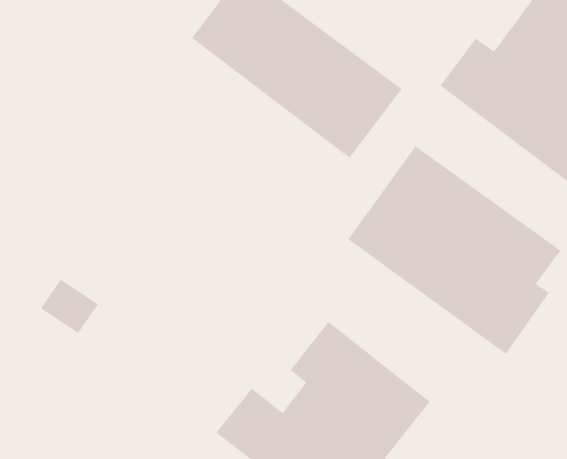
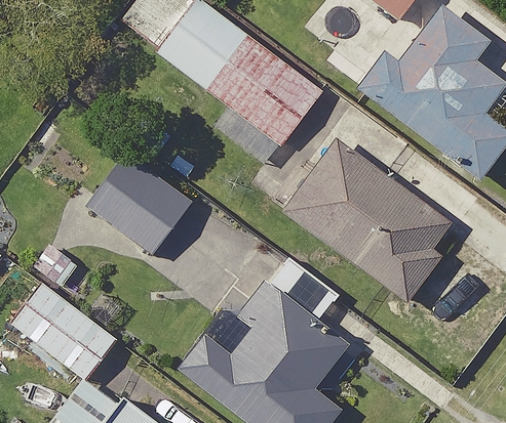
building: none -> [86,152,194,254]
building: none -> [10,282,117,379]

